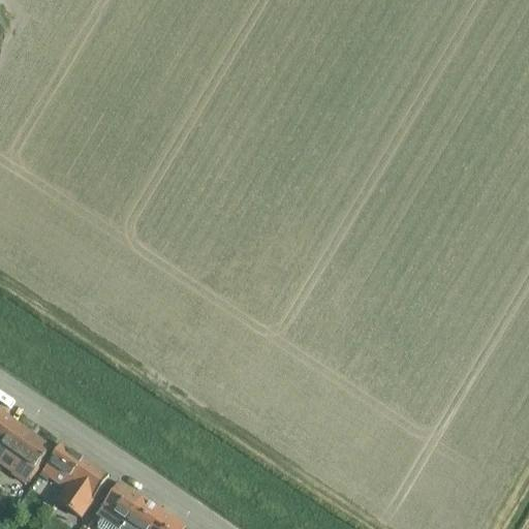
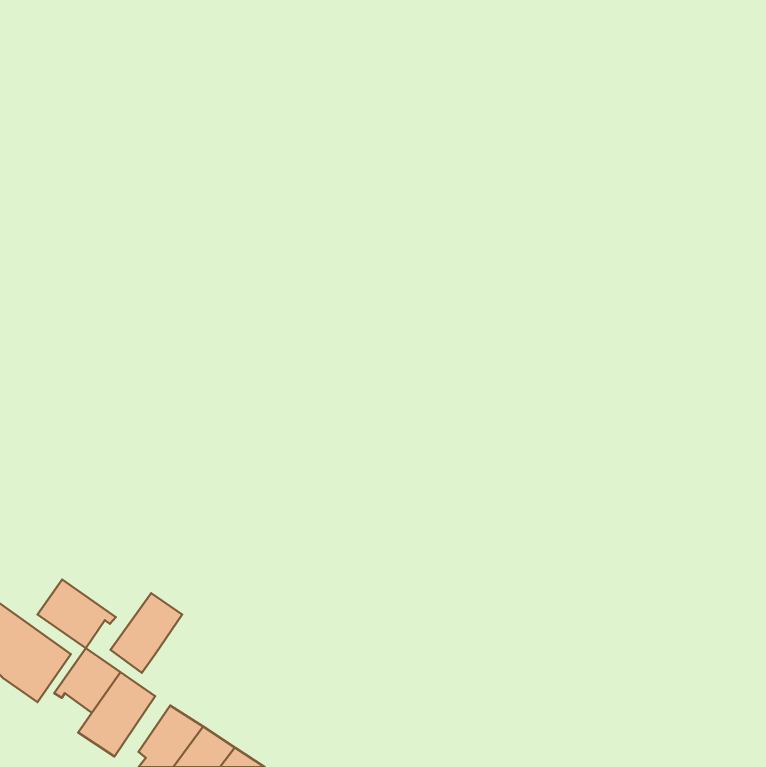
building: none -> [37,579,116,648]
building: none -> [111,593,182,673]

